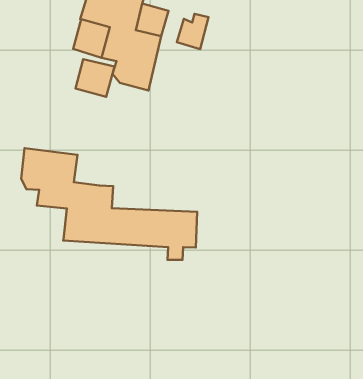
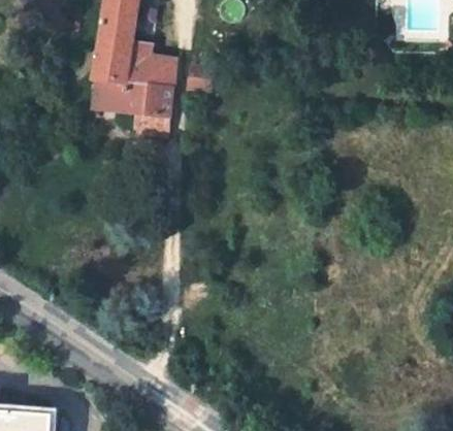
building: [75,59,114,97] -> none
building: [21,148,197,260] -> none

